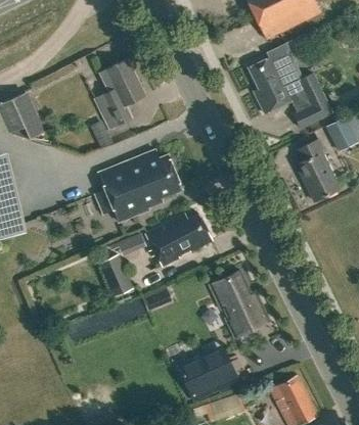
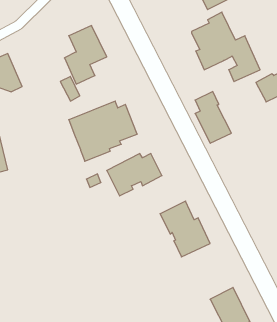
building: [296,138,340,200] -> [195,92,231,143]
building: [99,254,133,297] -> none
building: [178,345,237,398] -> none

